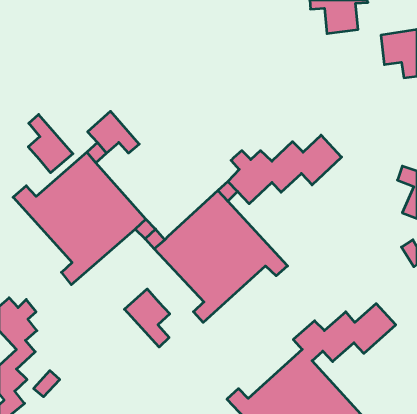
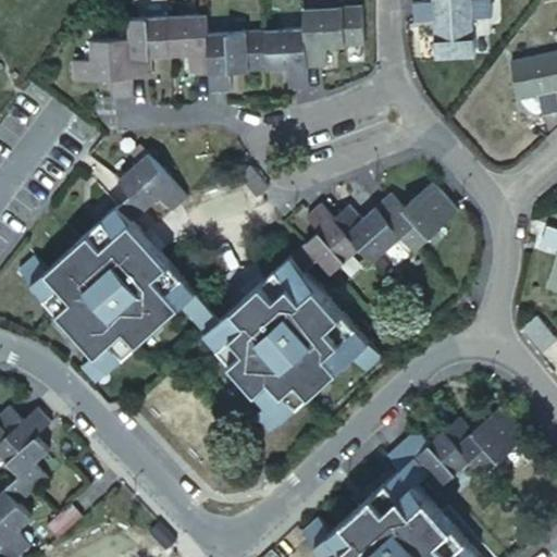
building: none -> [74,10,359,99]
building: [28,114,73,173] -> none
building: [124,289,170,347] -> none

